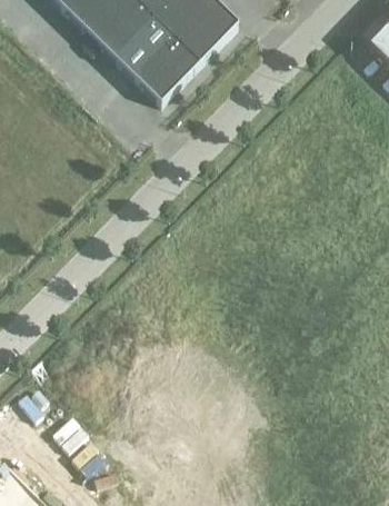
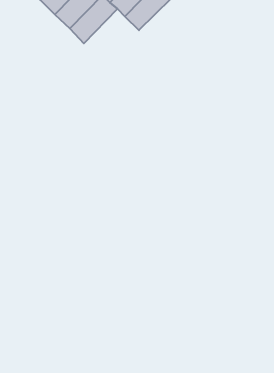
building: [133,30,199,97] -> none

